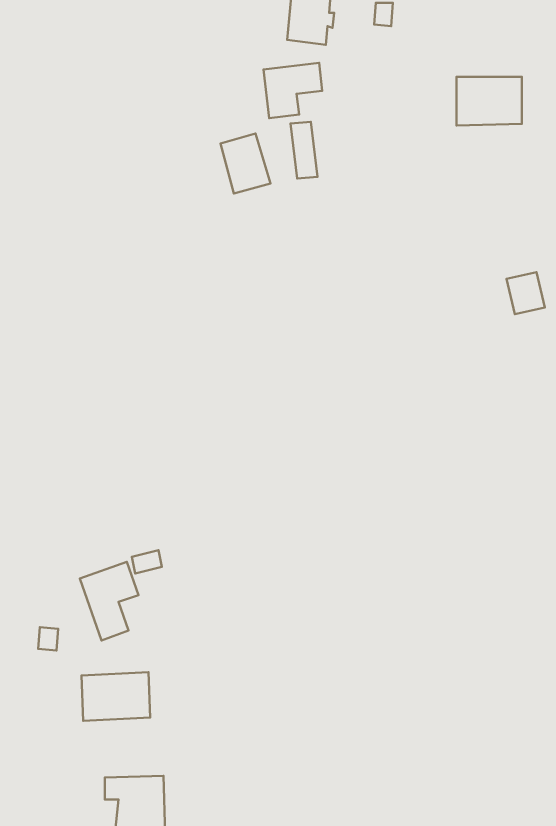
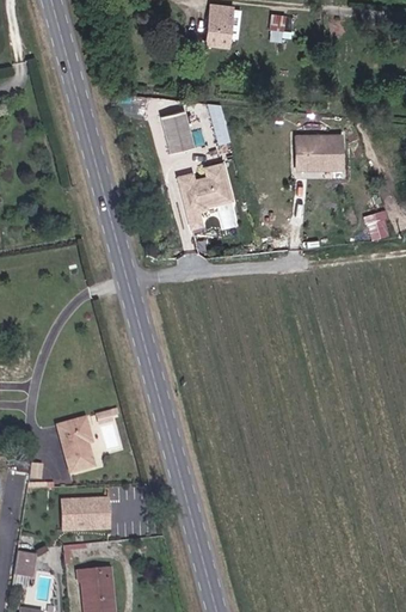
building: [263,63,322,118] -> none
building: [457,77,522,125] -> [294,136,340,171]
building: none -> [176,163,234,228]
building: none -> [12,550,37,577]

